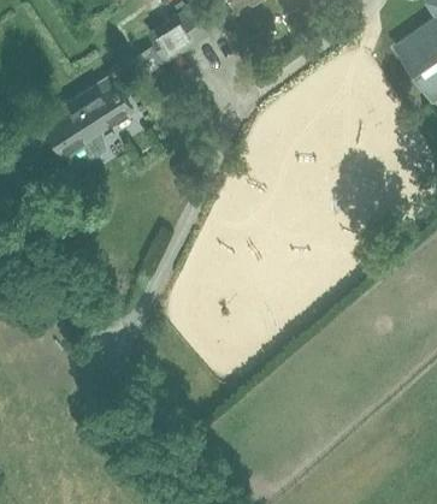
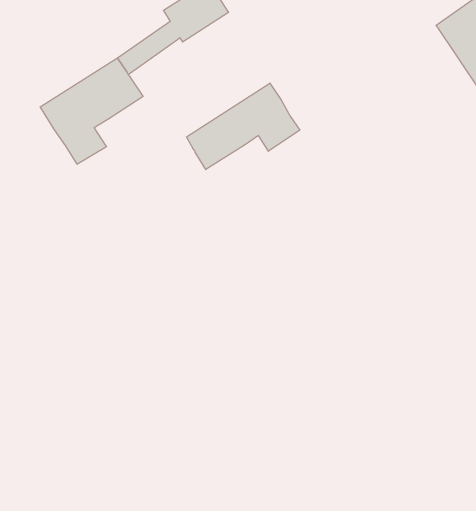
building: none -> [187,83,300,170]

